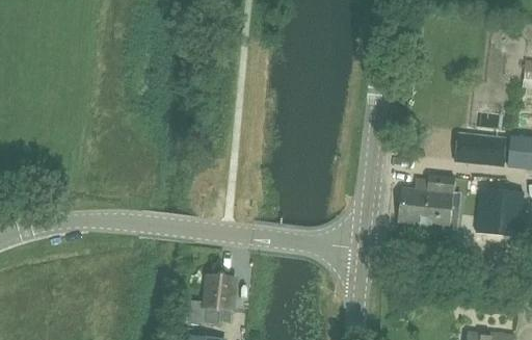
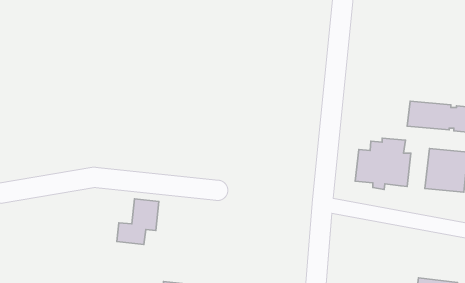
building: [187,274,234,325] -> [117,199,159,244]

